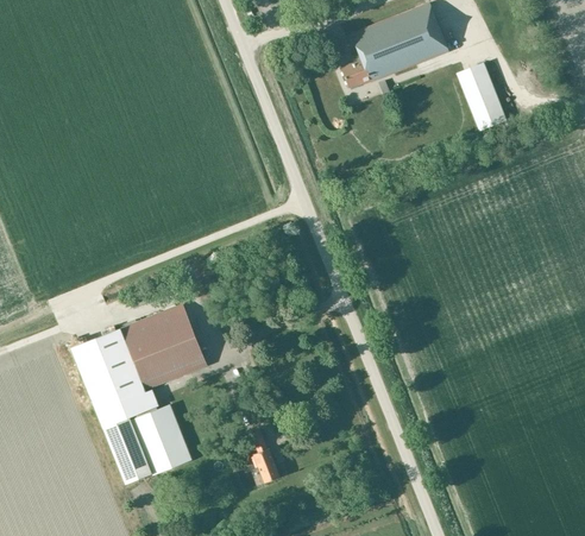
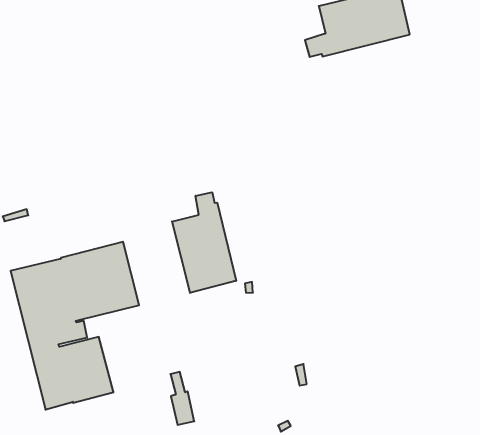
building: [455,63,507,132] -> none
building: none -> [172,192,236,293]

